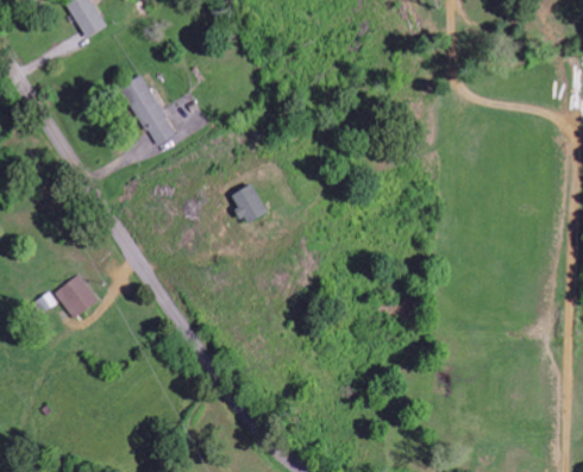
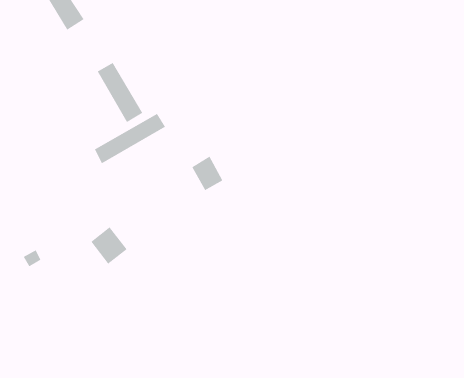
building: none -> [94,113,166,164]
building: [56,273,99,317] -> [90,227,127,265]

